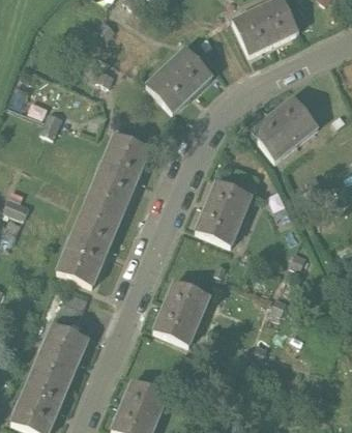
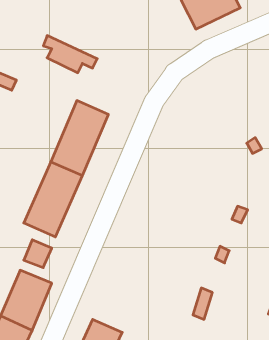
building: [146,49,210,112] -> none
building: [252,96,316,157] -> none
building: [196,180,251,243] -> none
building: [153,280,209,343] -> none

